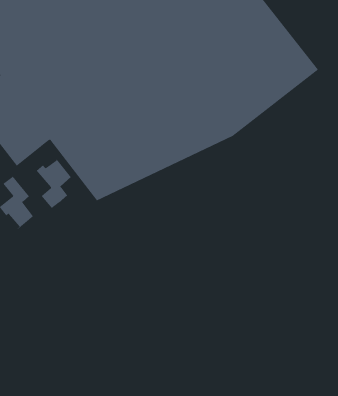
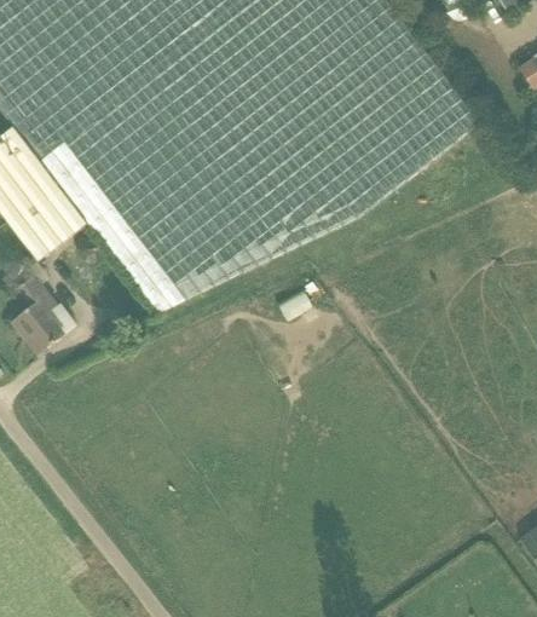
building: [36,156,71,209] -> none

